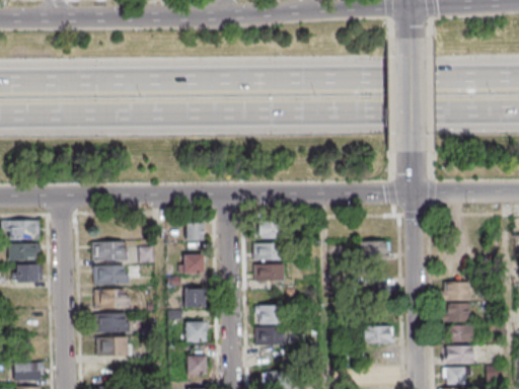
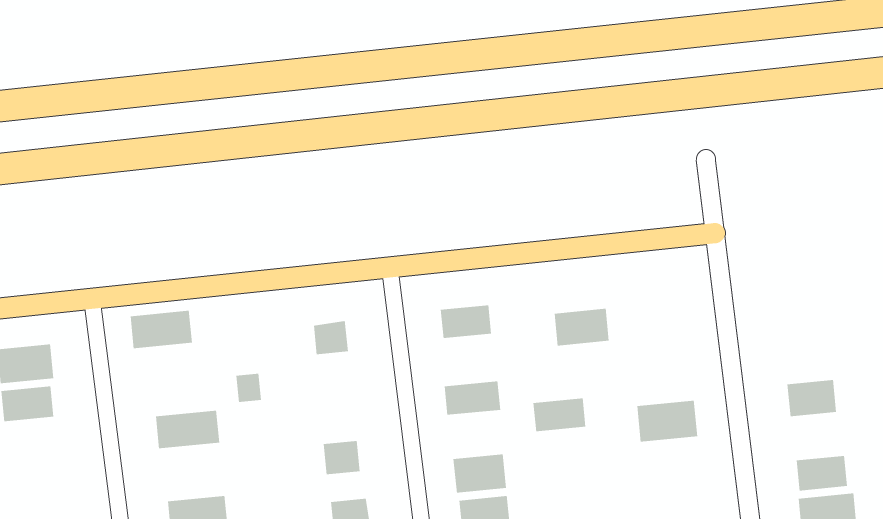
building: [92,242,126,260] -> [130,310,193,349]
building: [360,242,389,260] -> [554,308,610,346]
building: [253,243,282,259] -> [533,398,586,432]
building: [181,255,204,274] -> none
building: [14,263,38,282] -> none
building: [95,289,129,308] -> none
building: [445,303,470,321] -> none
building: [362,325,394,342] -> none

